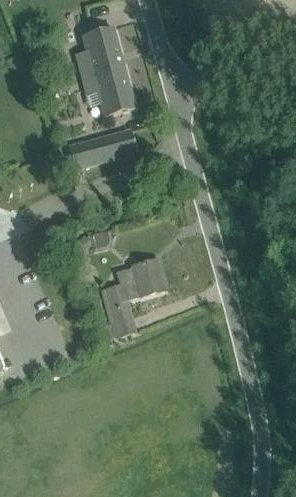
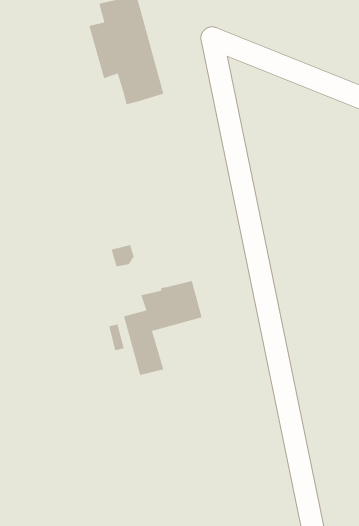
building: [69,129,135,168] -> none

